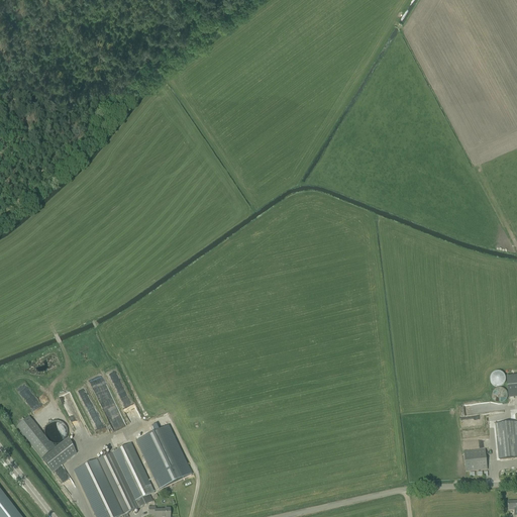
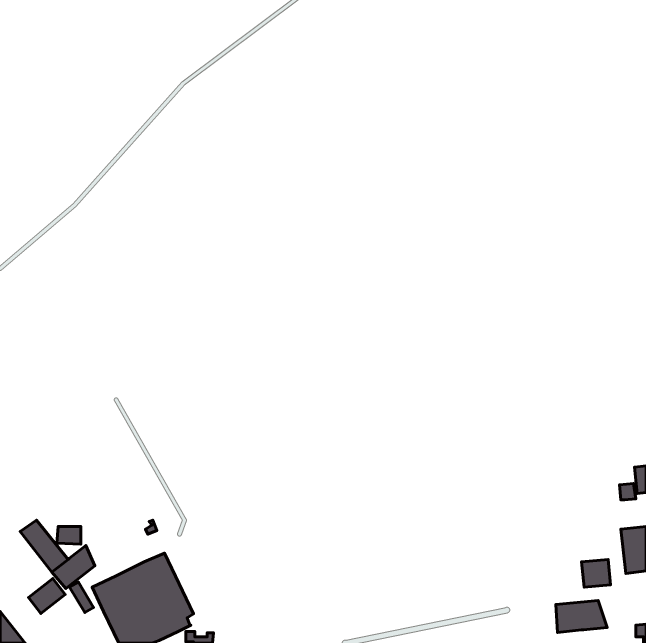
building: [136,423,191,488] -> none
building: none -> [29,578,65,613]
building: none -> [556,601,607,632]

